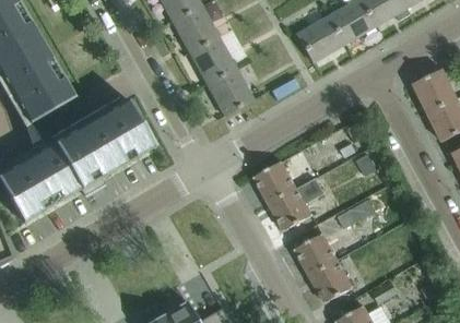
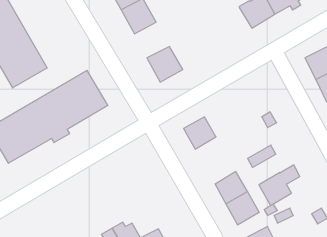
building: [296,17,344,62] -> none
building: [190,37,236,84] -> none
building: [270,178,323,231] -> [259,165,300,206]

